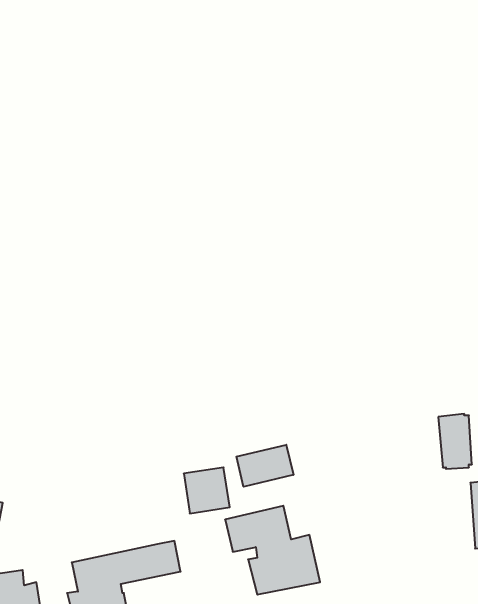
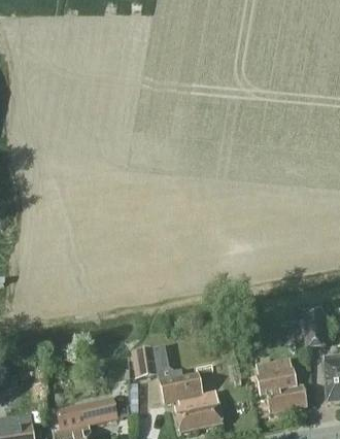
building: [236,445,293,487] -> none
building: none -> [254,358,306,413]

